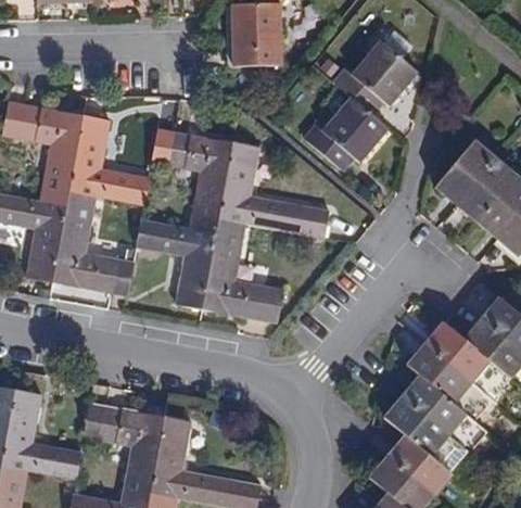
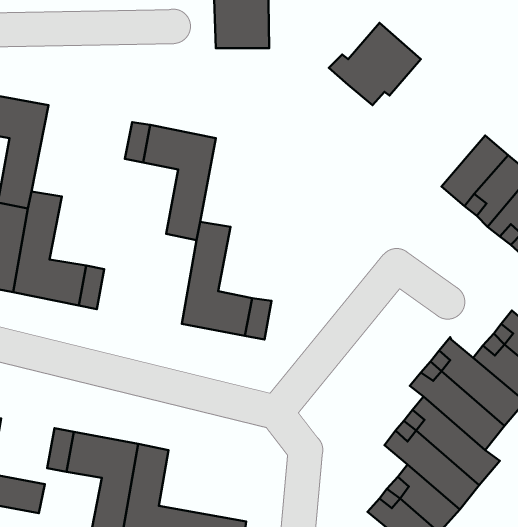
building: [305,96,390,170] -> none
building: [68,114,149,204] -> none
building: [219,143,328,238] -> none
building: [137,219,216,309] -> none

